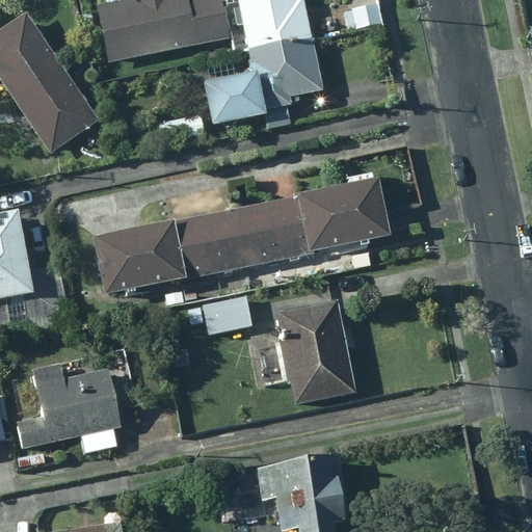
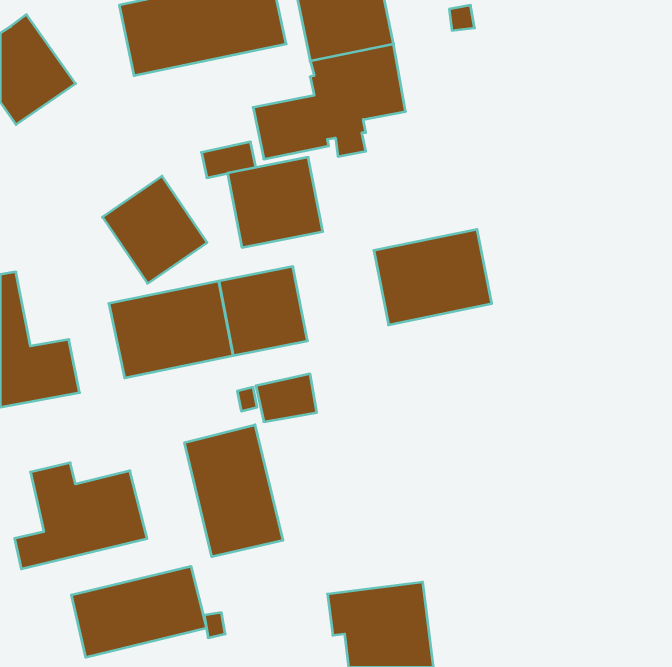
building: [17,65,99,150] -> [102,176,207,283]
building: [234,196,309,267] -> [227,157,323,247]
building: [278,299,354,400] -> none
building: none -> [185,425,283,557]
building: none -> [71,566,206,657]

